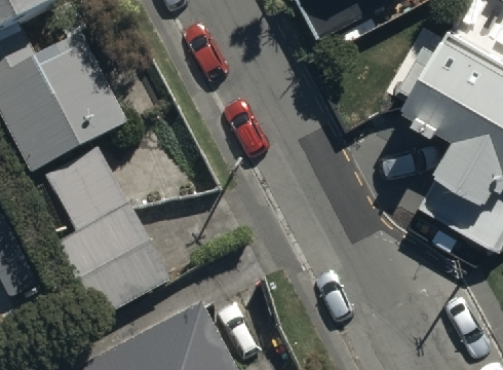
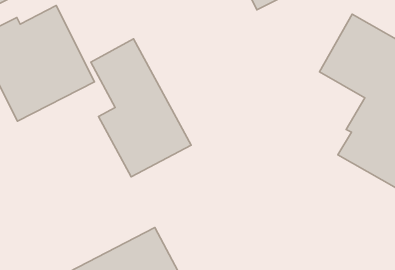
building: [46,149,169,319] -> [91,39,191,177]

